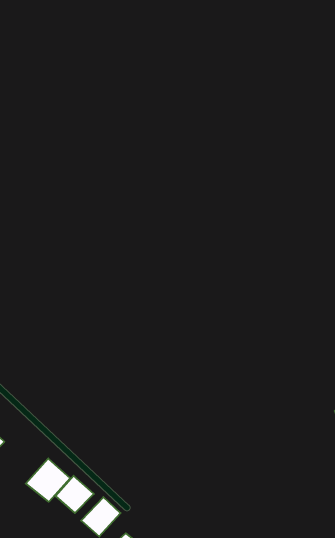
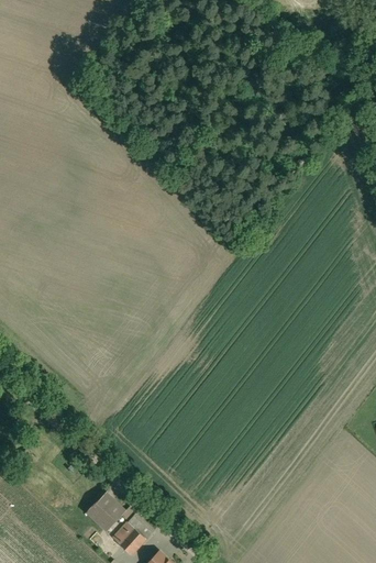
building: [26,458,70,502] -> none

